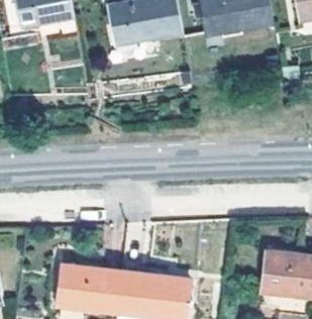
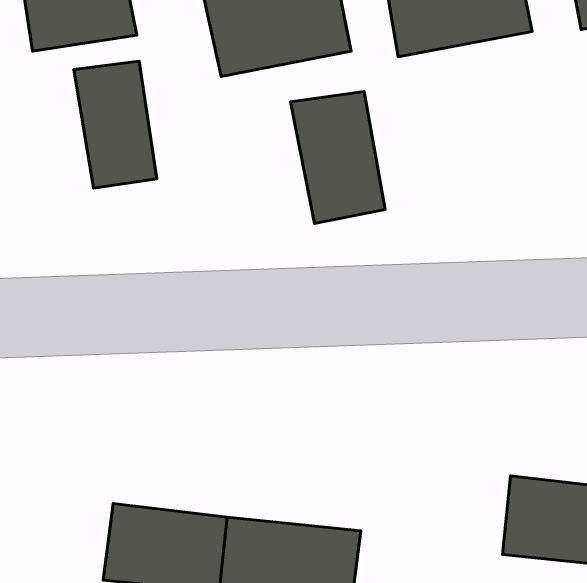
building: none -> [74,61,157,188]
building: none -> [290,91,385,224]

